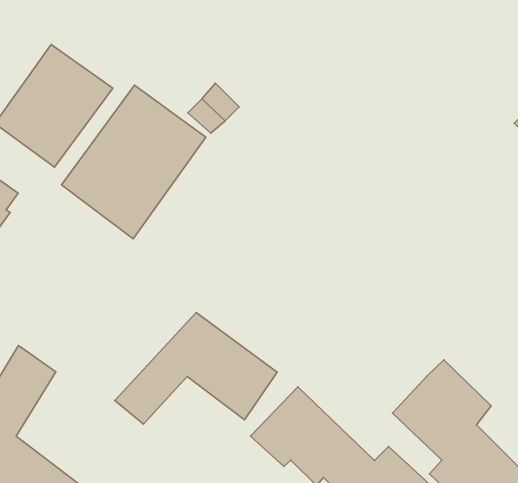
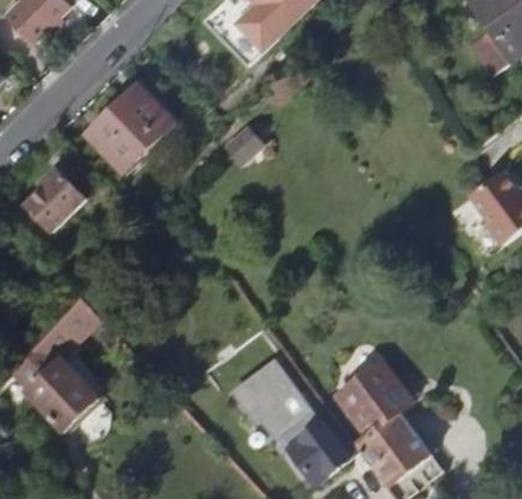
building: [62,85,206,239] -> none
building: [115,313,277,424] -> none

